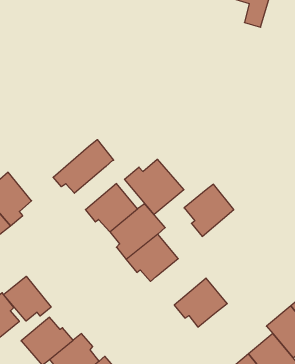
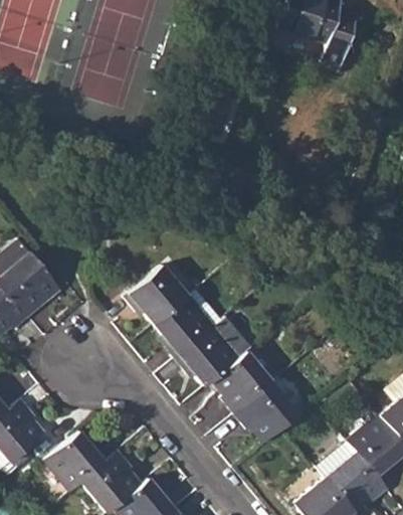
building: [53,140,114,193] -> none
building: [125,159,184,215] -> none
building: [184,184,234,236] -> [212,350,273,414]
building: [4,276,51,321] -> none

